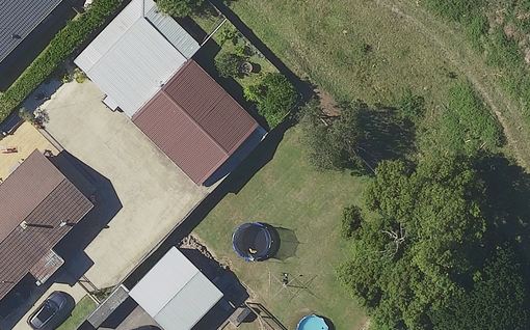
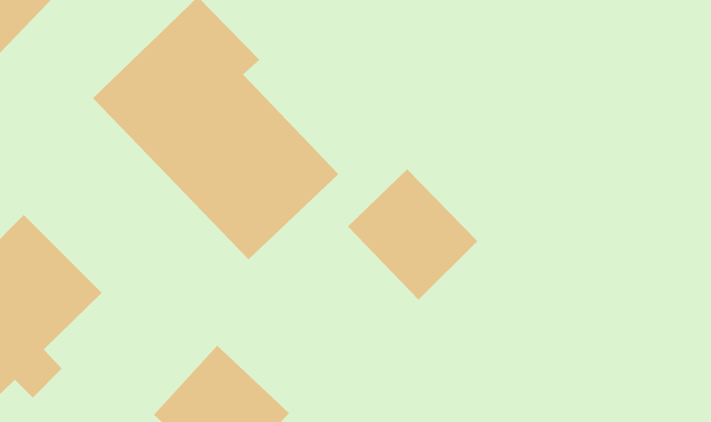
building: none -> [347,169,478,300]

